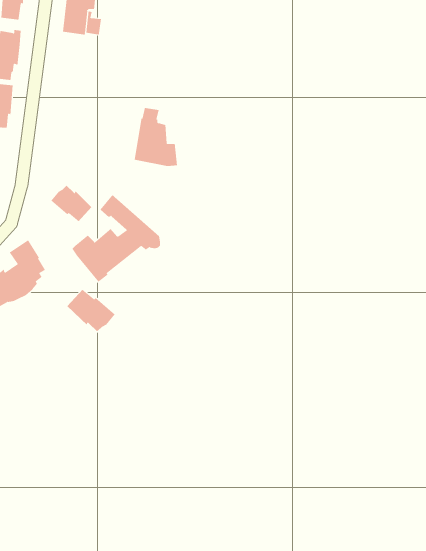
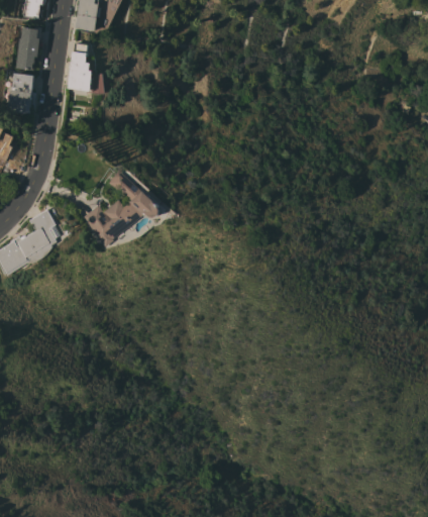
building: [134,107,178,167] -> [67,42,105,94]
building: [51,185,92,222] -> none
building: [67,289,115,332] -> none

